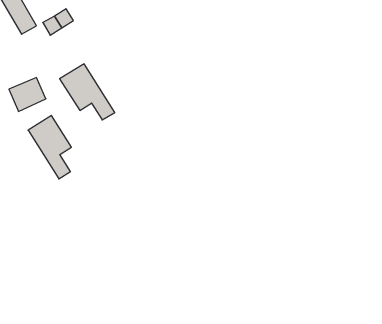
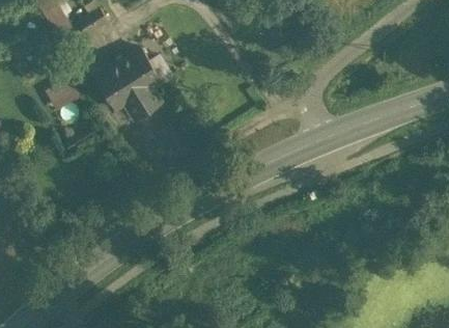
building: [28,115,71,179] -> [118,51,161,113]

